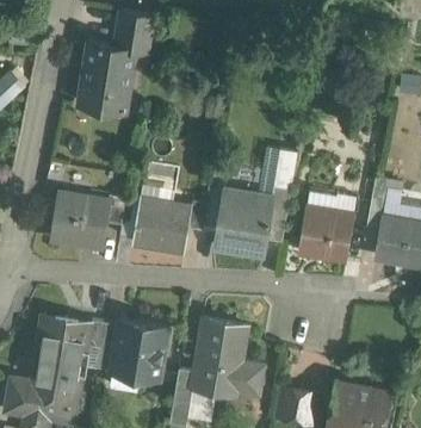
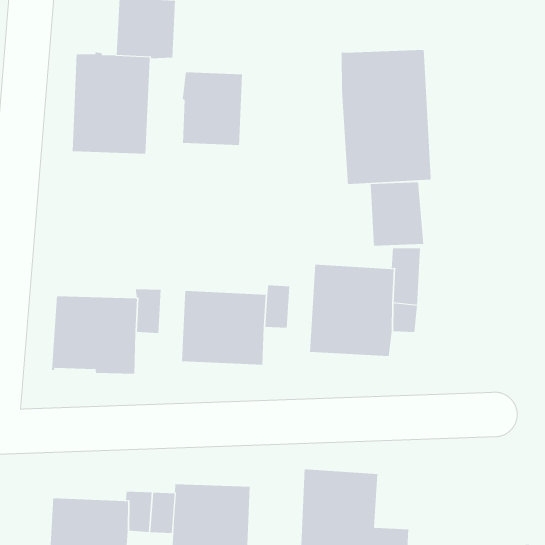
building: none -> [341,49,431,185]
building: none -> [182,72,243,146]
building: [297,194,354,263] -> none

